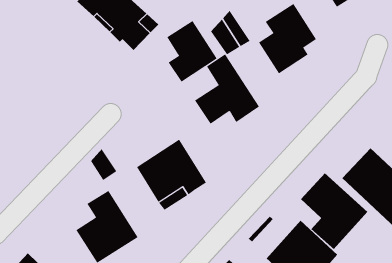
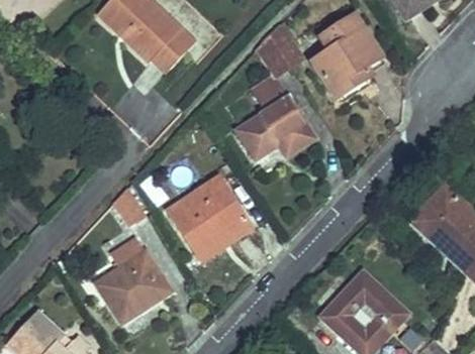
building: [167,20,218,82] -> none
building: [300,172,368,250] -> none

